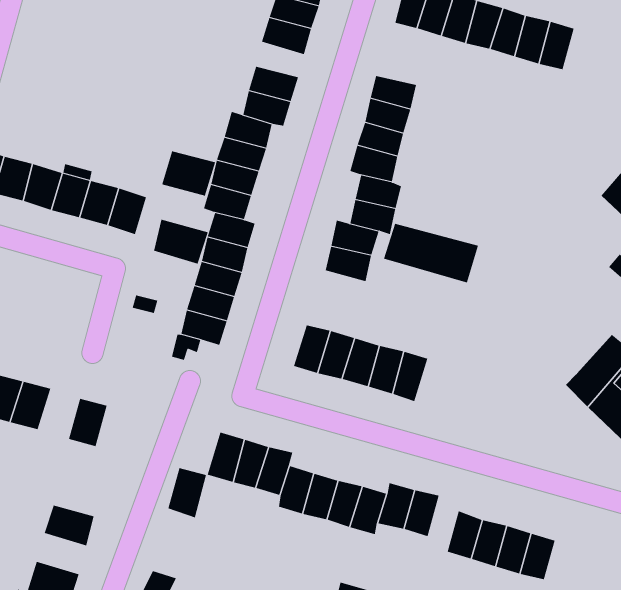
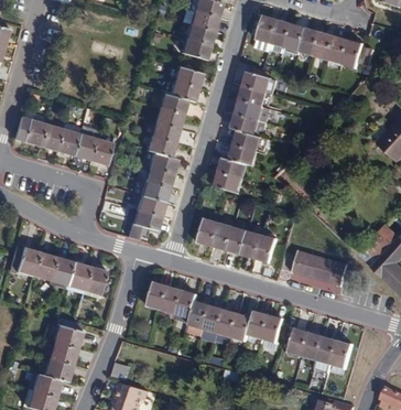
building: [161,151,216,196] -> none
building: [153,219,208,265] -> none
building: [383,223,479,283] -> [293,250,349,285]
building: none -> [50,256,74,285]
building: [167,467,207,518] -> [84,266,107,295]
building: none -> [48,341,78,365]

